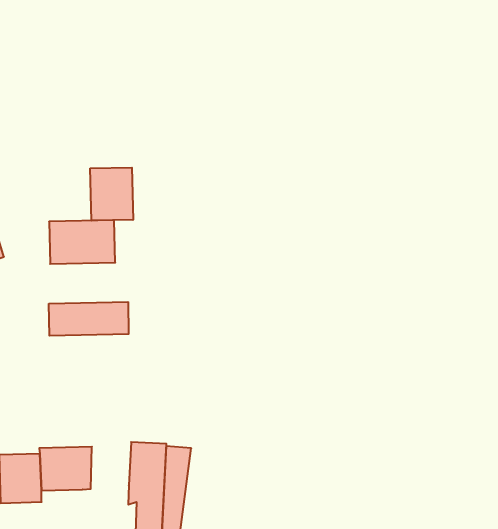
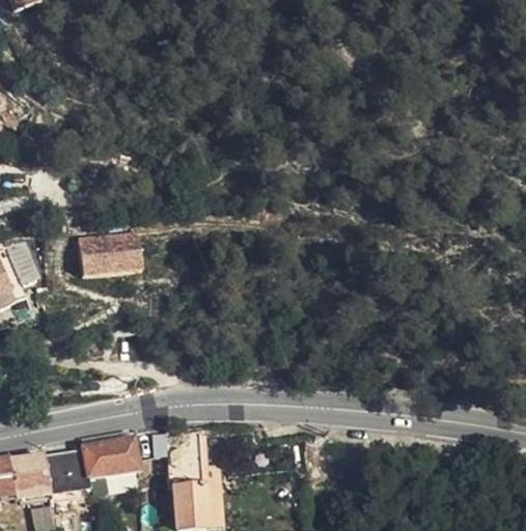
building: [90,168,133,221] -> none
building: [49,302,129,336] -> none

